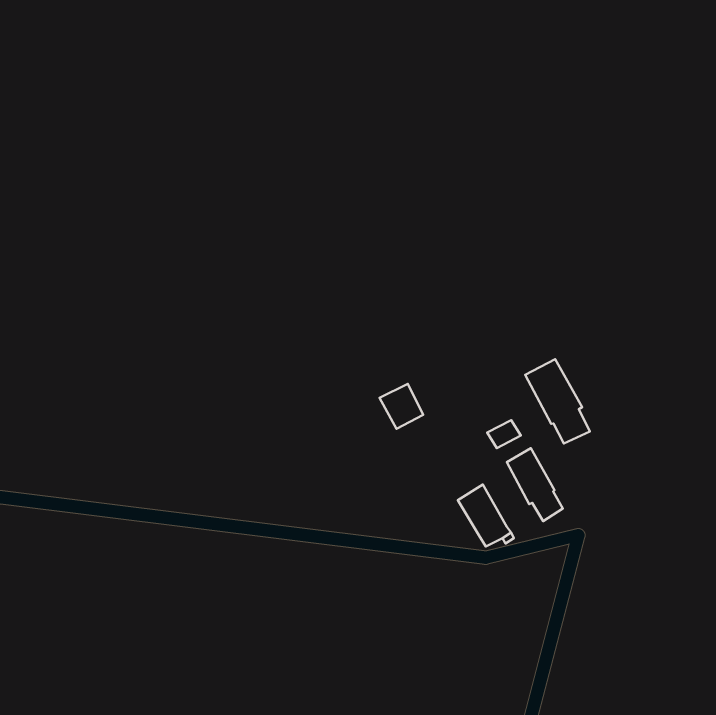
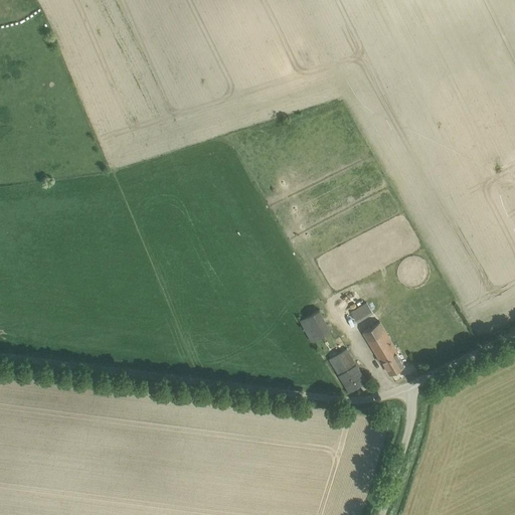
building: [525,359,590,443] -> none
building: [380,384,423,429] -> [299,311,330,343]

